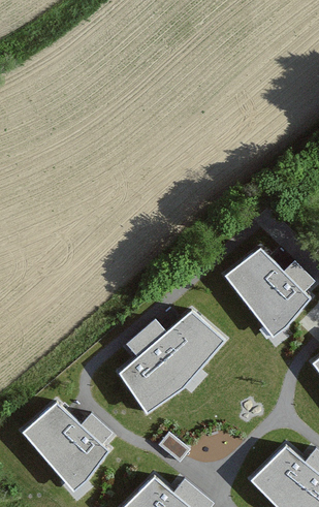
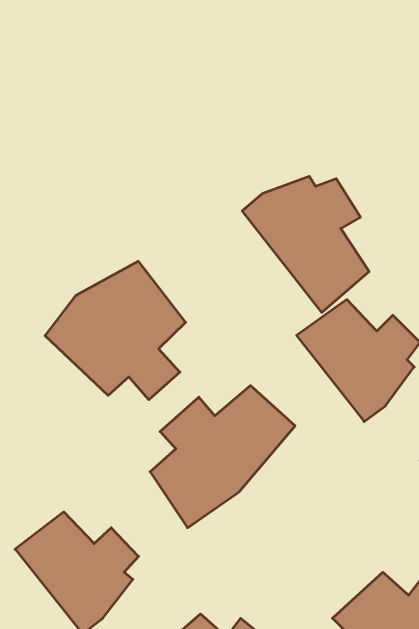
building: none -> [242,176,369,312]
building: none -> [45,261,186,400]

